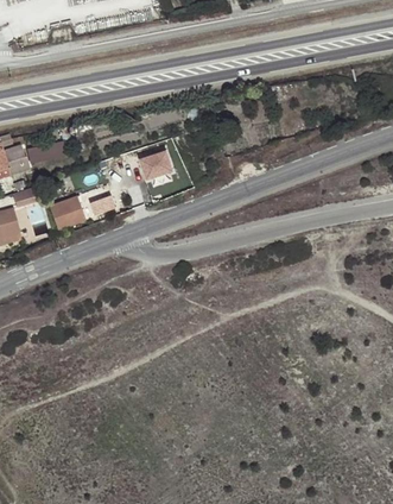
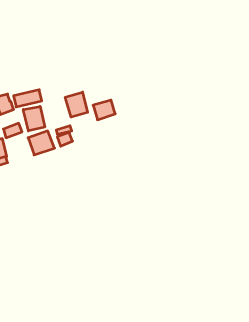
building: none -> [65,92,88,117]
building: none -> [23,106,45,131]

